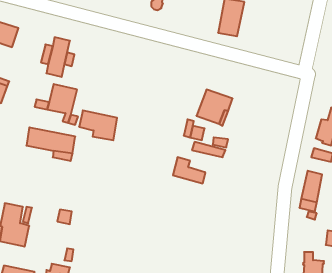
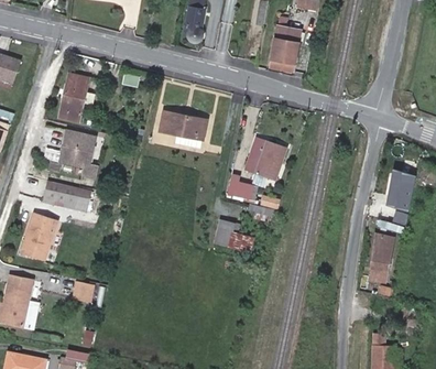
building: [79,110,117,140] -> [160,110,206,146]
building: none -> [13,214,52,262]

